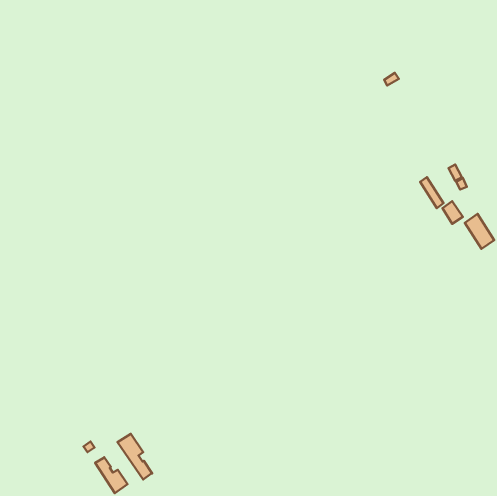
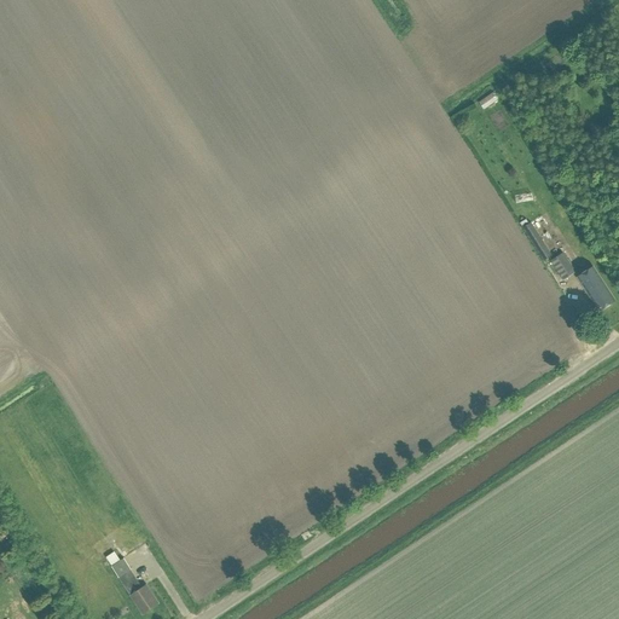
building: [118,434,152,479] -> none

